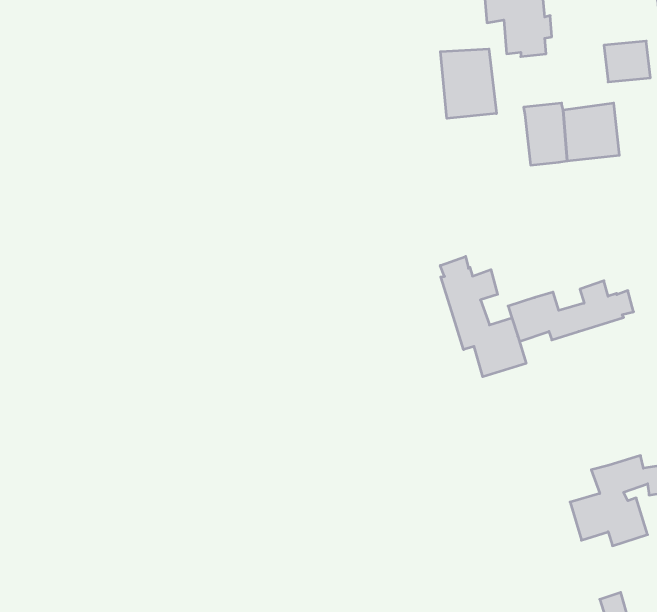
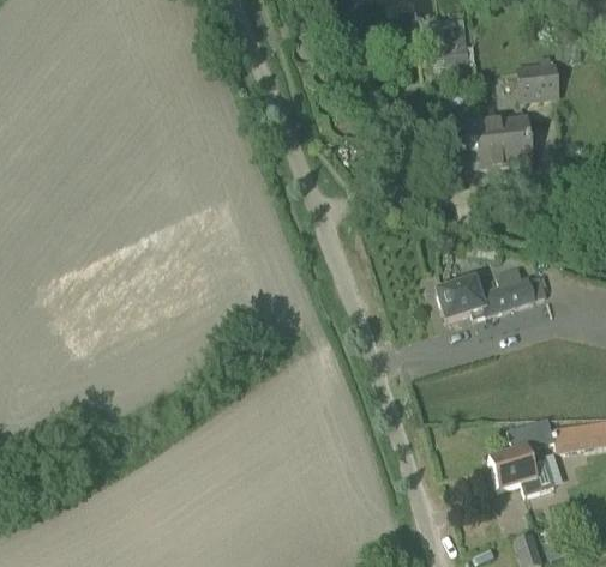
building: [440,49,496,118] -> none
building: [440,256,526,377] -> none

